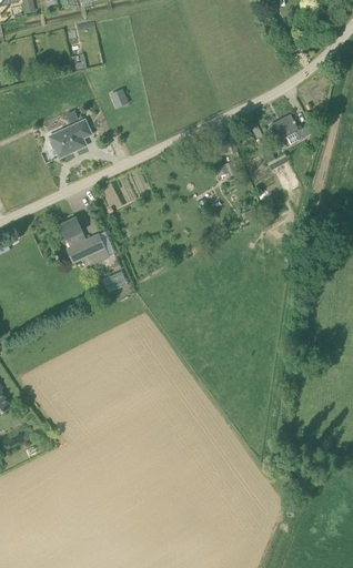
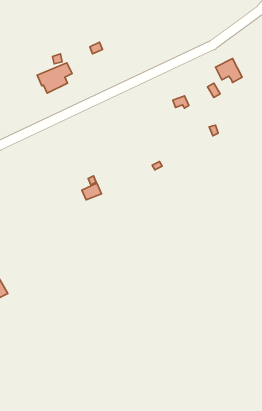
building: [61,217,107,255] -> none

